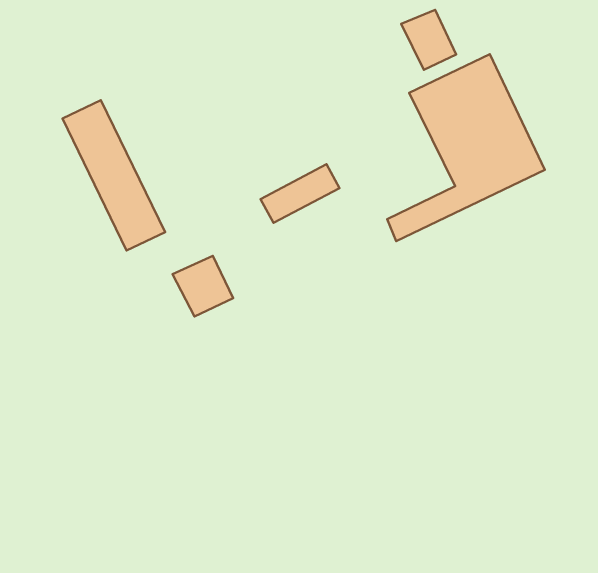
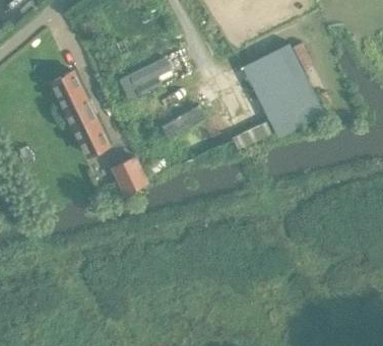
building: [401,10,456,70] -> none
building: none -> [119,59,171,102]

